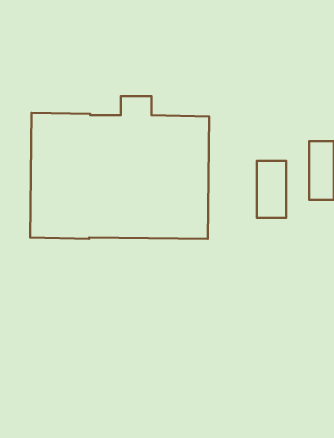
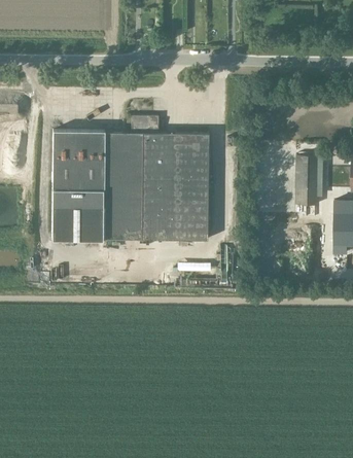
building: [257,161,286,218] -> none

